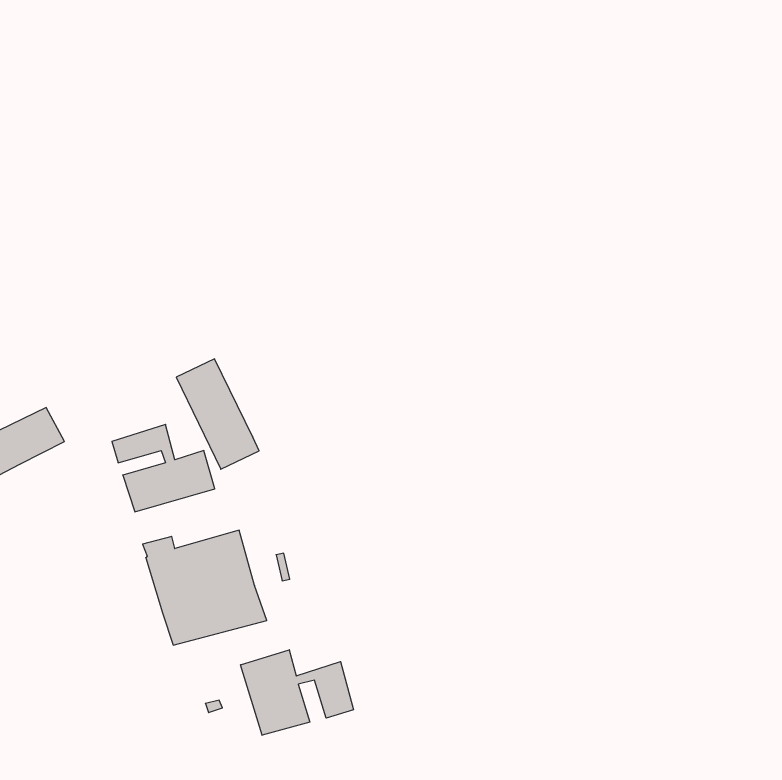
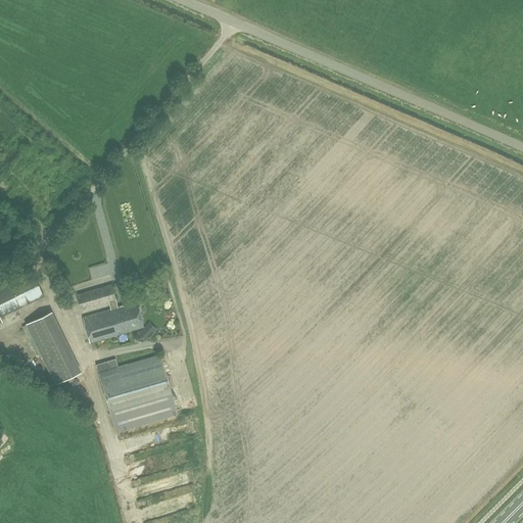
building: [176,359,259,469] -> [25,310,80,383]
building: [241,650,353,735] -> none

